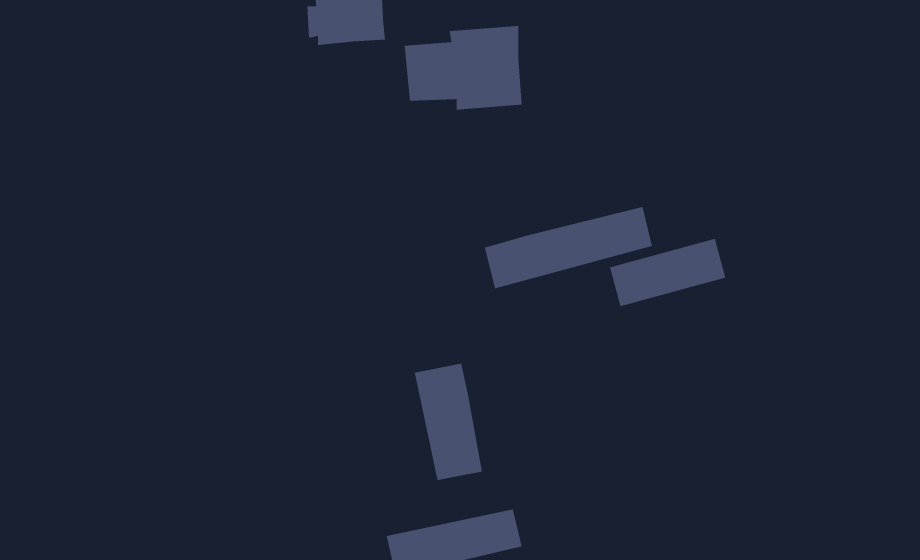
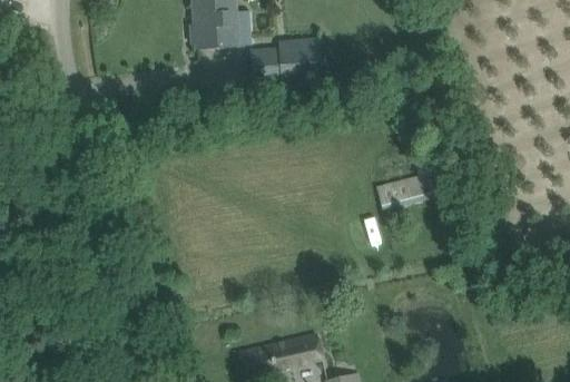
building: [484,206,652,289] -> none
building: [414,363,482,481] -> none

